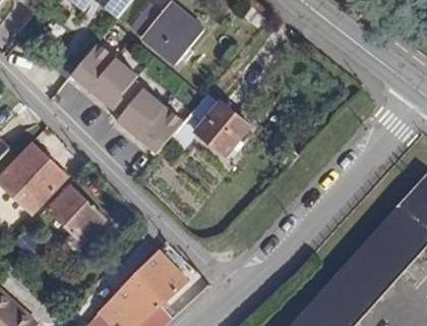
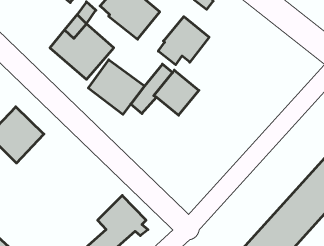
building: none -> [158,17,209,65]
building: [47,185,103,241] -> none

